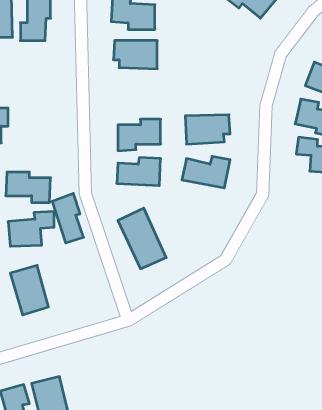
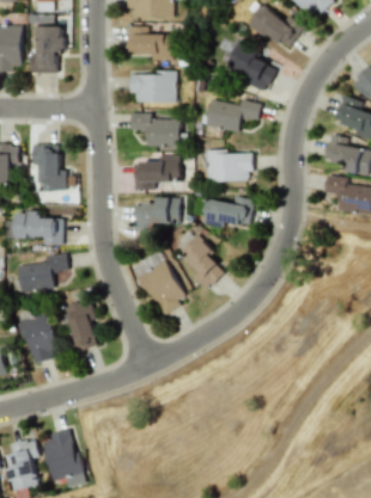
building: none -> [227,43,275,92]
building: none -> [206,99,261,133]
building: none -> [130,112,181,149]
building: none -> [31,145,65,191]
building: none -> [180,234,224,290]
building: [52,193,84,243] -> [65,299,98,351]

